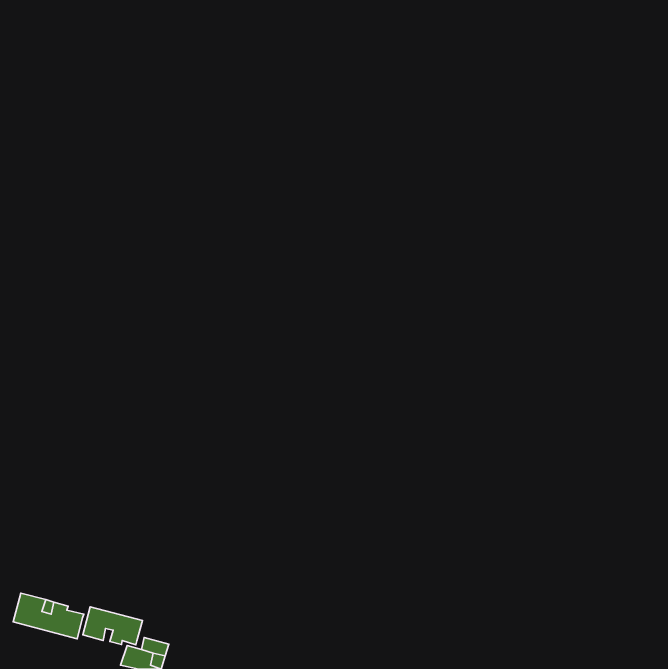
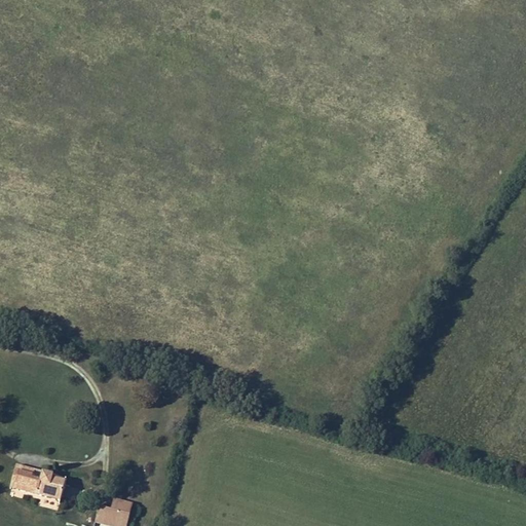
building: [83,607,142,645] -> none

